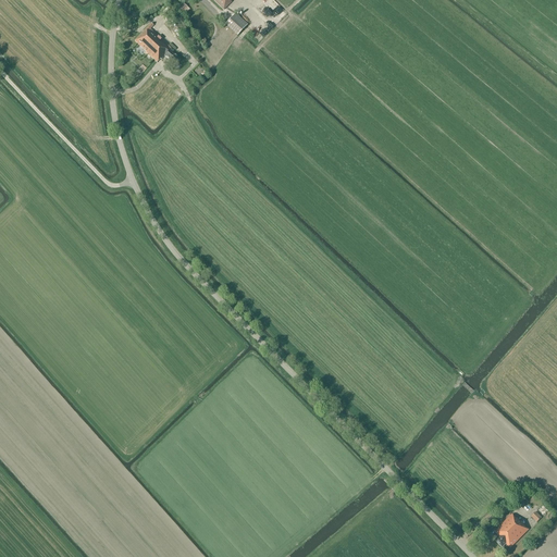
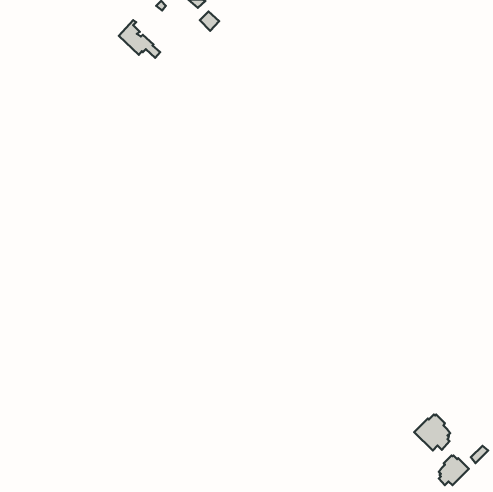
building: none -> [414,414,450,451]

